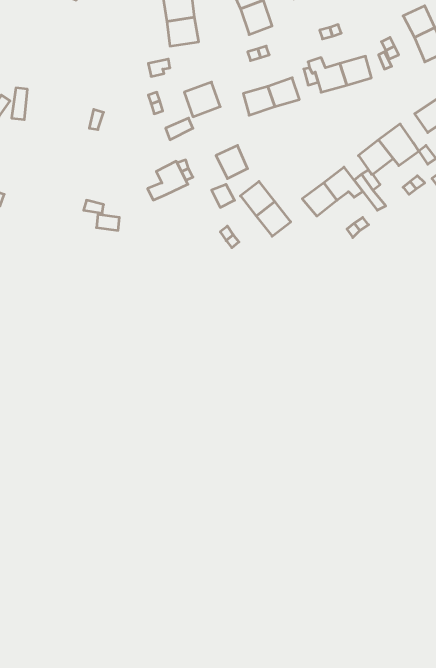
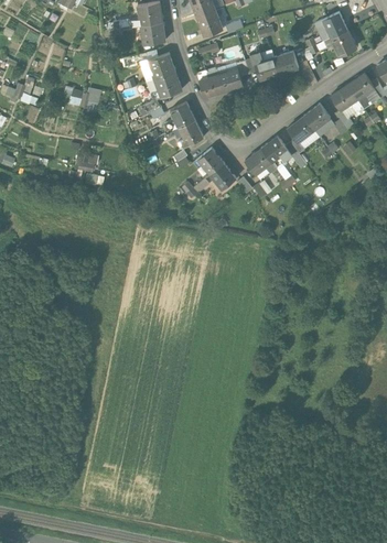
building: none -> [148,55,175,80]
building: [148,161,188,200] -> [164,104,195,133]

